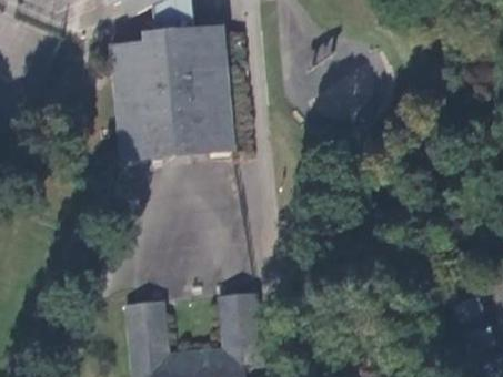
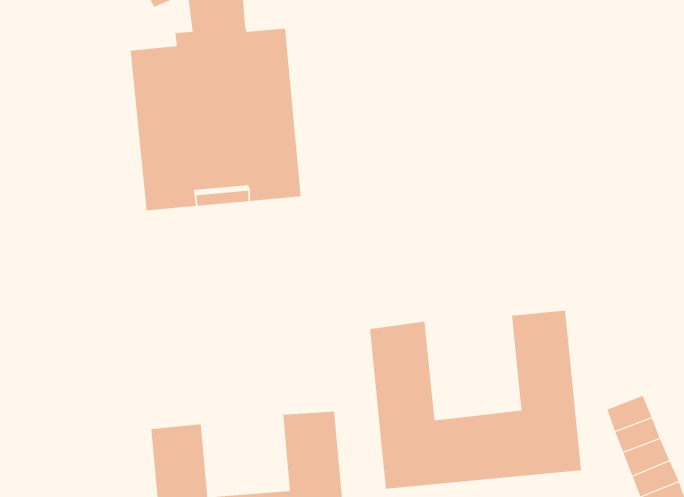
building: none -> [370,310,581,489]

